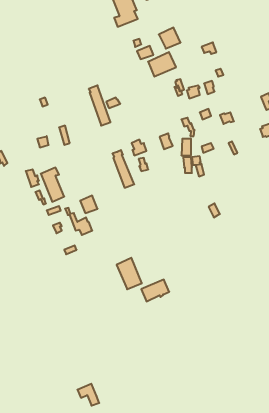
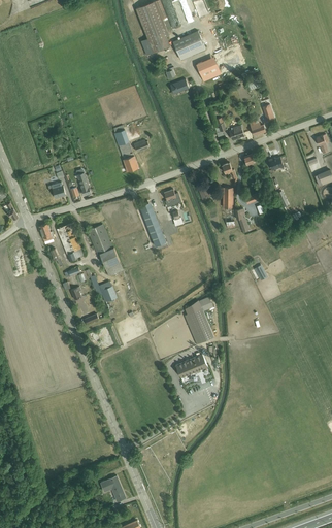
building: [148,52,176,77] -> [172,31,205,60]
building: none -> [87,224,117,261]
building: [117,258,142,289] -> [184,307,213,344]

